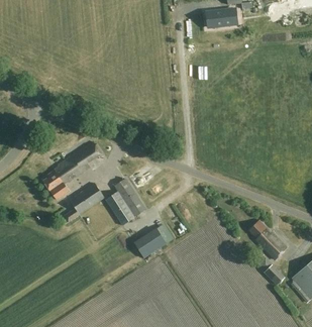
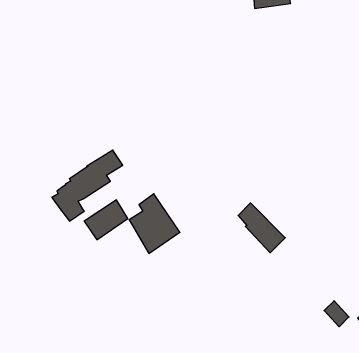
building: [248,220,287,260] -> [238,203,285,253]
building: [137,229,168,256] -> none

